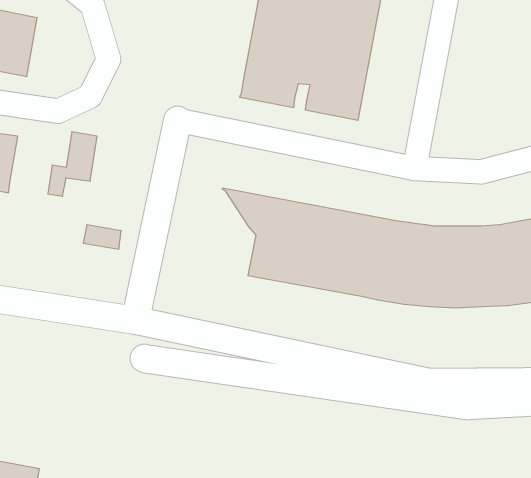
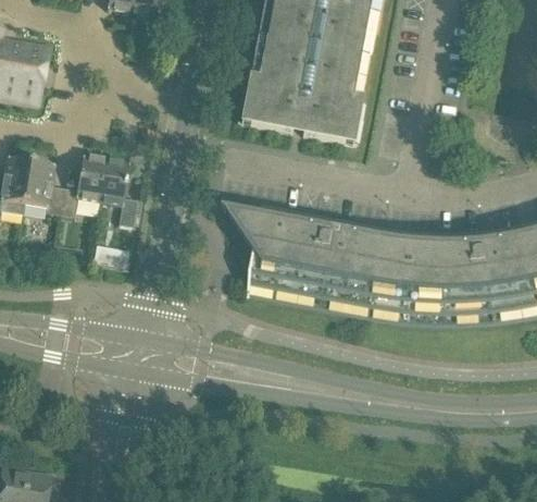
building: none -> [23,152,63,207]
building: none -> [99,152,137,219]

